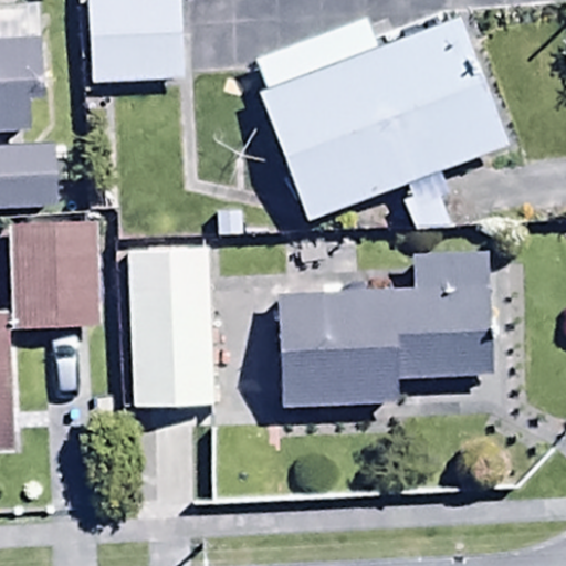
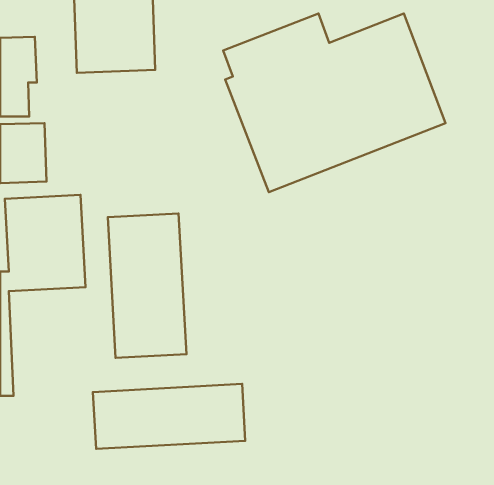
building: [275,253,495,408] -> none
building: none -> [93,384,245,449]

